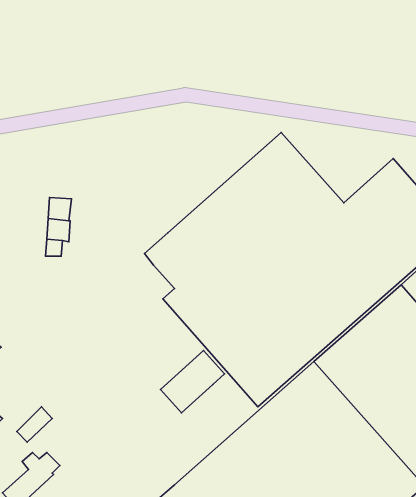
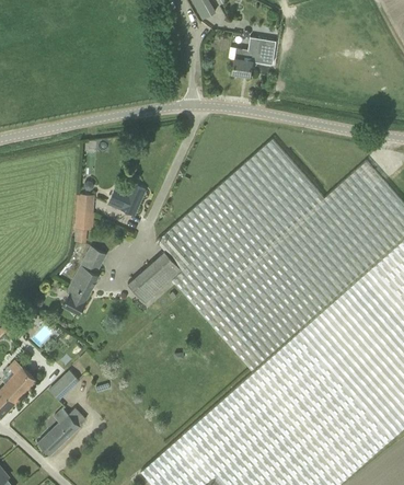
building: none -> [232,37,277,76]
building: none -> [107,184,146,216]
building: none -> [64,246,106,314]
building: [161,351,224,413] -> [128,251,182,303]

